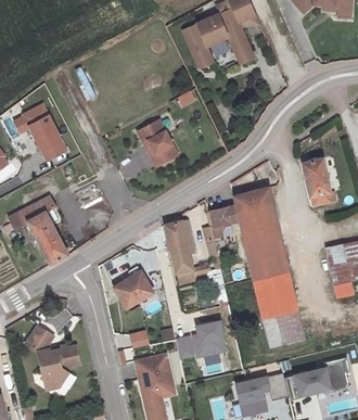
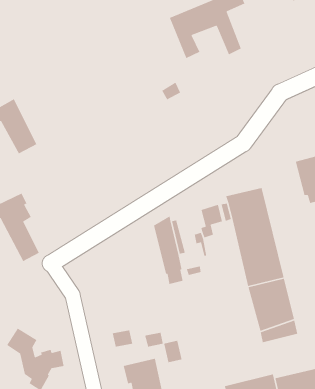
building: [131,119,172,166] -> none
building: [114,275,153,313] -> none
building: [193,322,226,359] -> none

